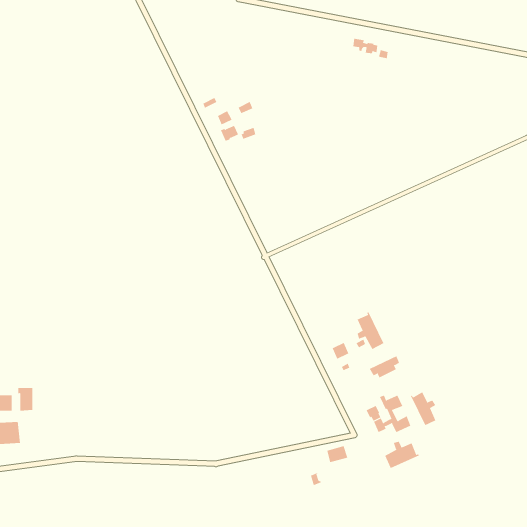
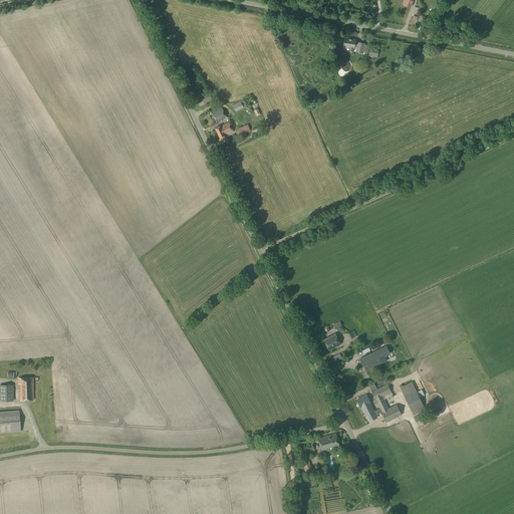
building: [357,311,384,350] -> none
building: [384,441,420,469] -> none

